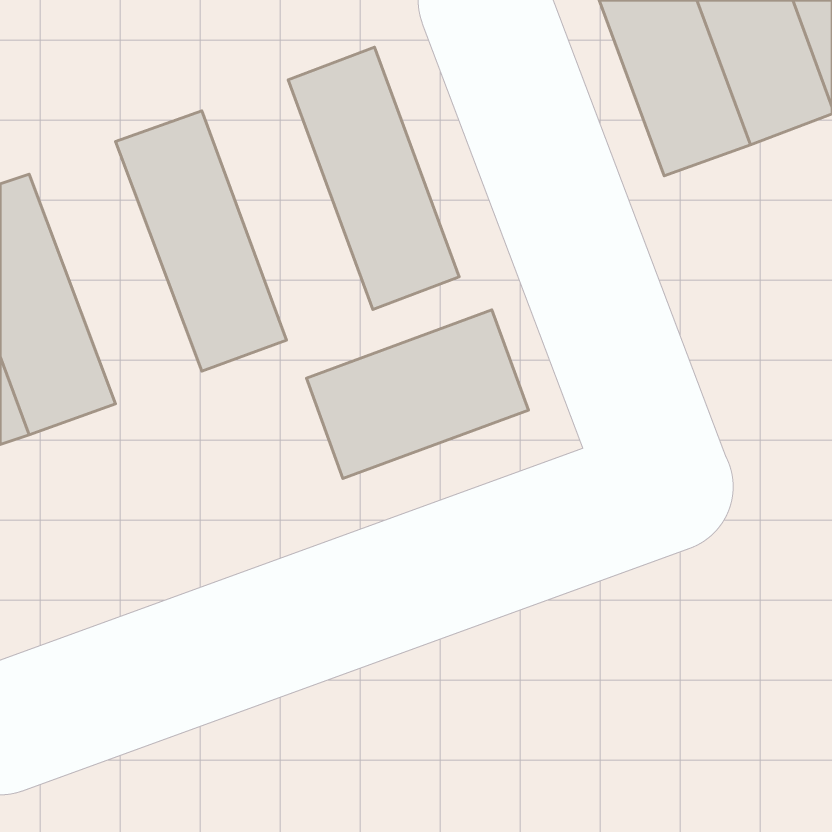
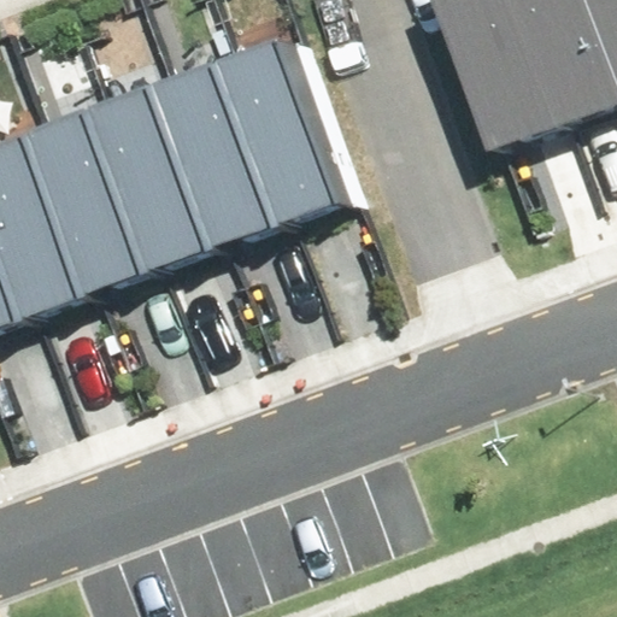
building: none -> [149,59,276,252]
building: none -> [22,105,149,299]
building: [306,310,528,479] -> none

